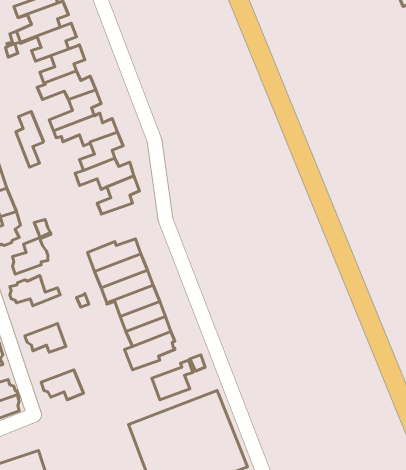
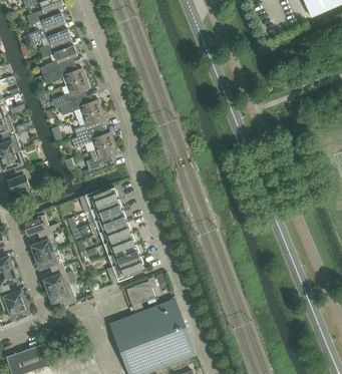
building: [16,112,44,167] -> none
building: [12,233,51,274] -> [31,229,59,259]
building: none -> [43,267,69,293]

